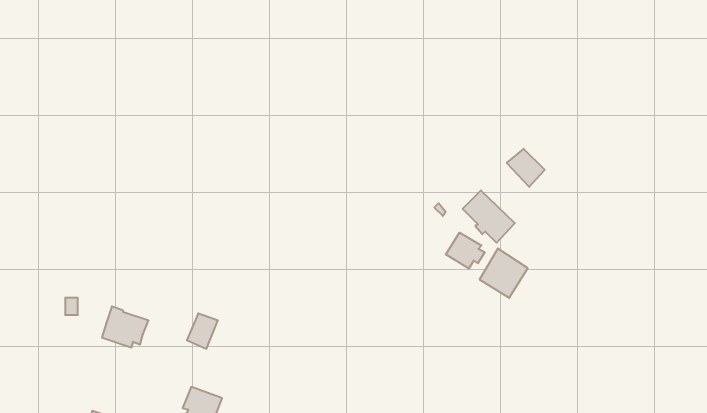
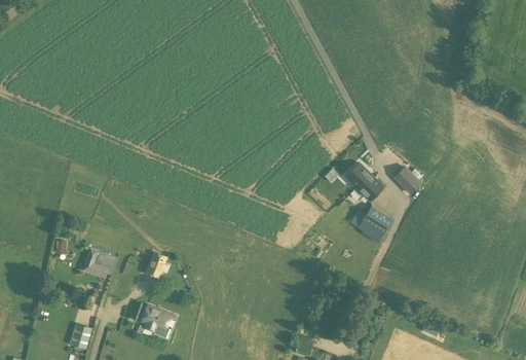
building: [507,149,545,187] -> [392,167,420,194]
building: [446,233,485,269] -> none

